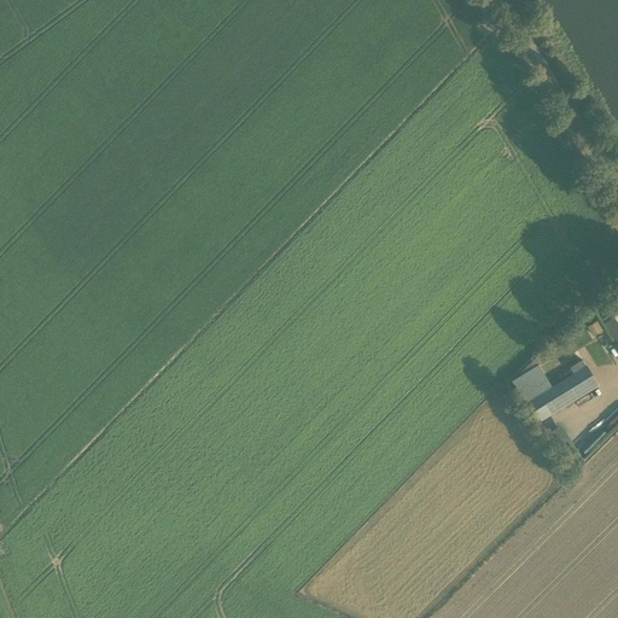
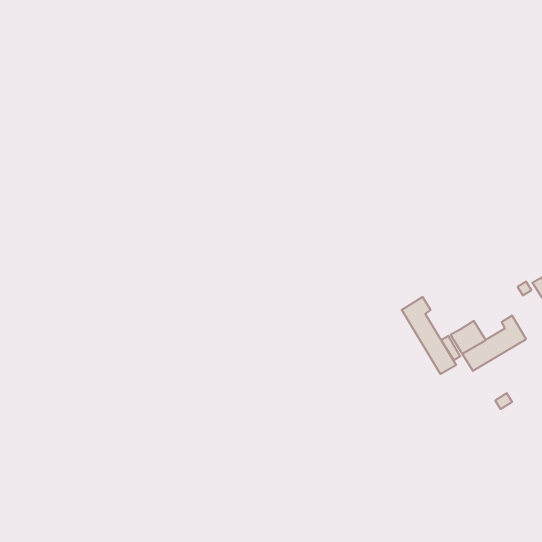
building: none -> [402,297,456,374]

